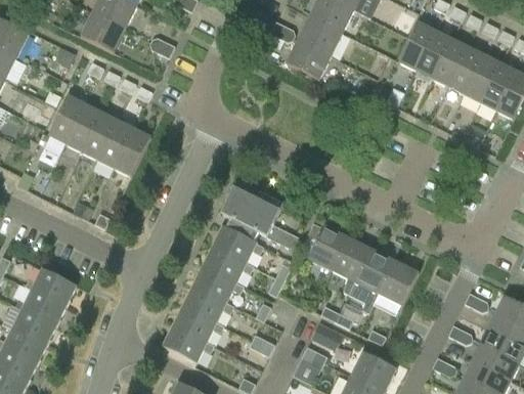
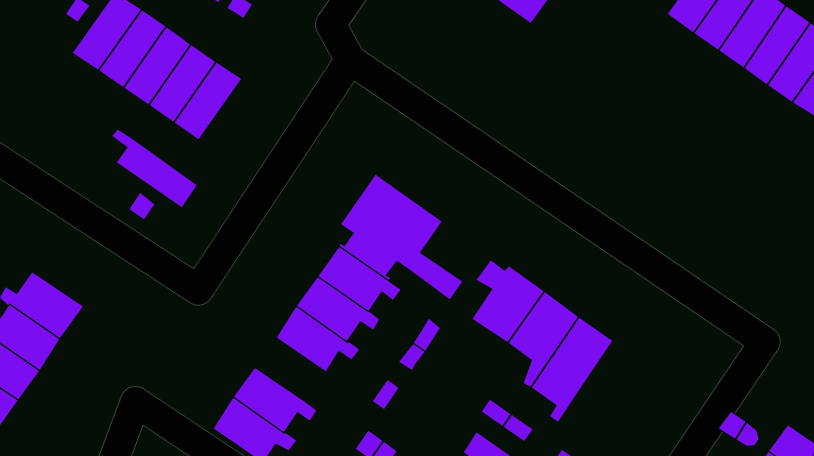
building: none -> [111,129,197,208]
building: [377,260,418,306] -> none
building: [182,287,233,322] -> none

